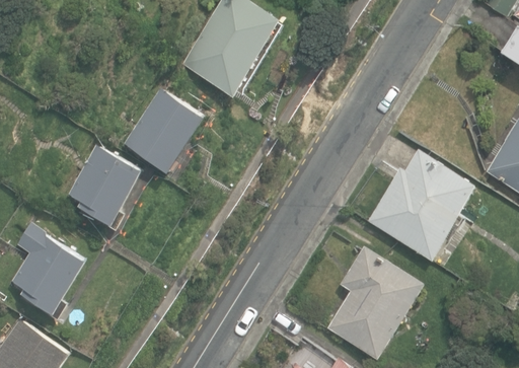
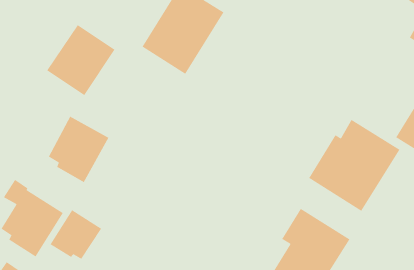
building: [121,87,204,173] -> [46,24,116,96]
building: none -> [49,209,102,260]

